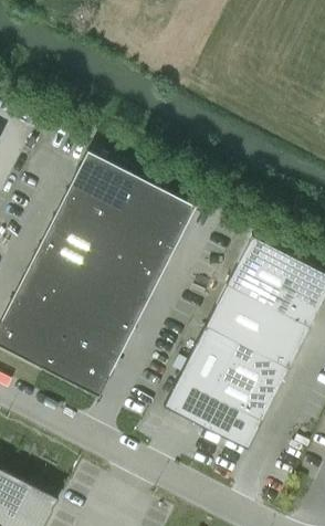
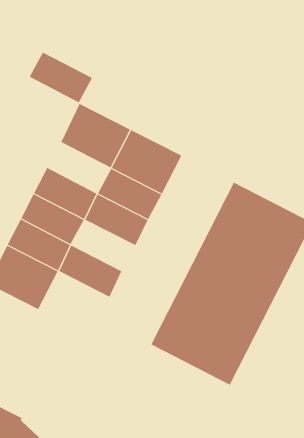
building: [53,192,120,246] -> [29,52,93,103]
building: [78,274,147,328] -> none
building: [44,328,119,397] -> none

